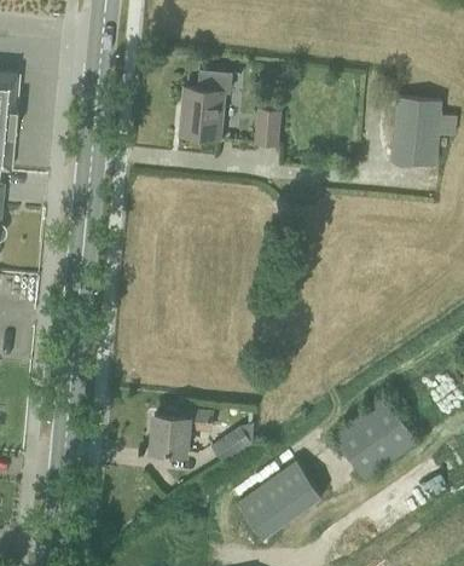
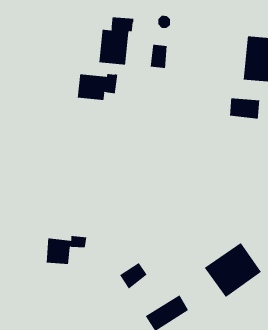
building: none -> [77,73,118,101]
building: none -> [229,97,260,119]
building: [151,411,211,454] -> [46,235,87,265]

